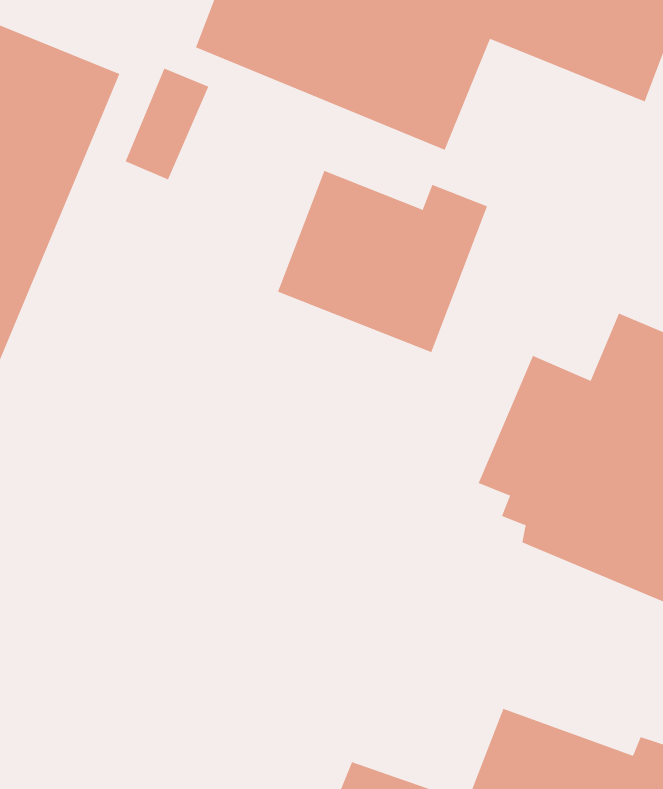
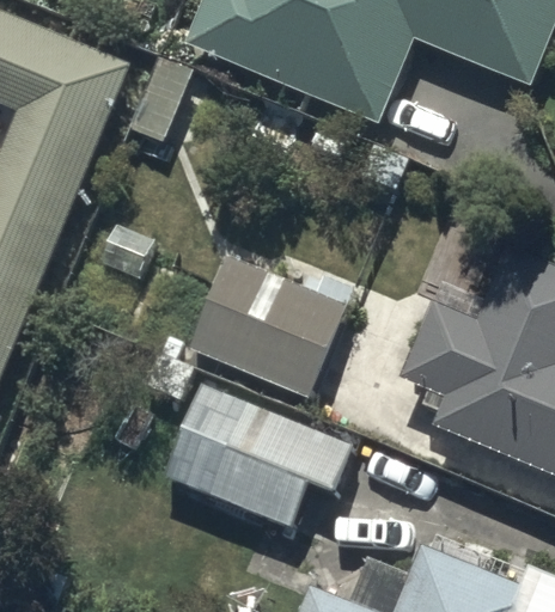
building: [277,170,488,353] -> [193,259,354,399]
building: none -> [165,381,355,525]

